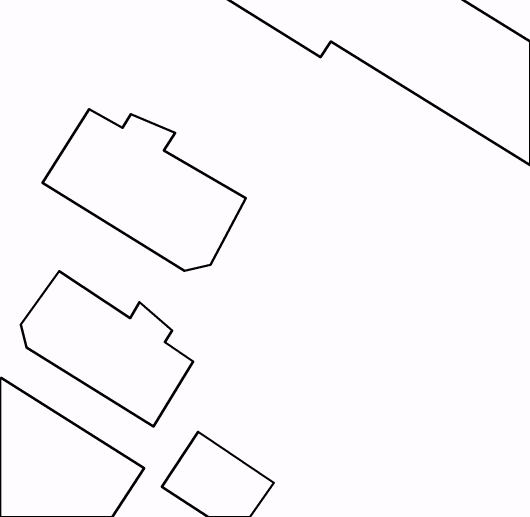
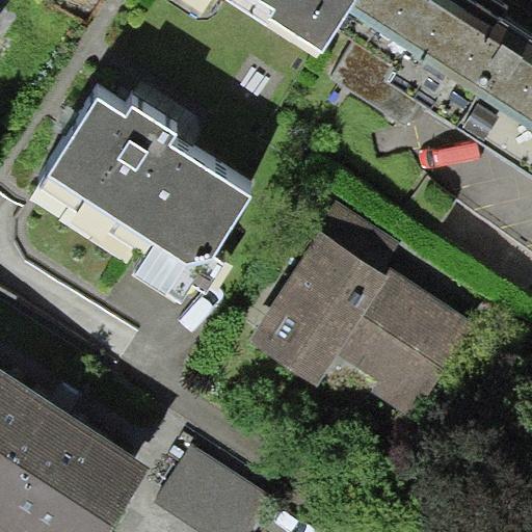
building: none -> [250,222,476,406]
building: [21,271,193,427] -> none

